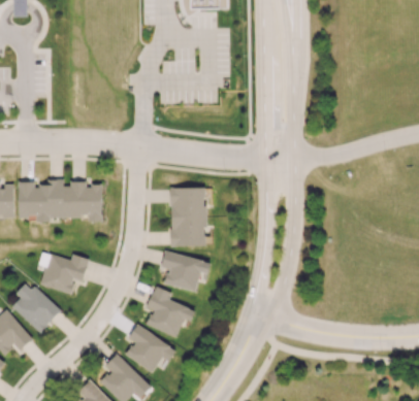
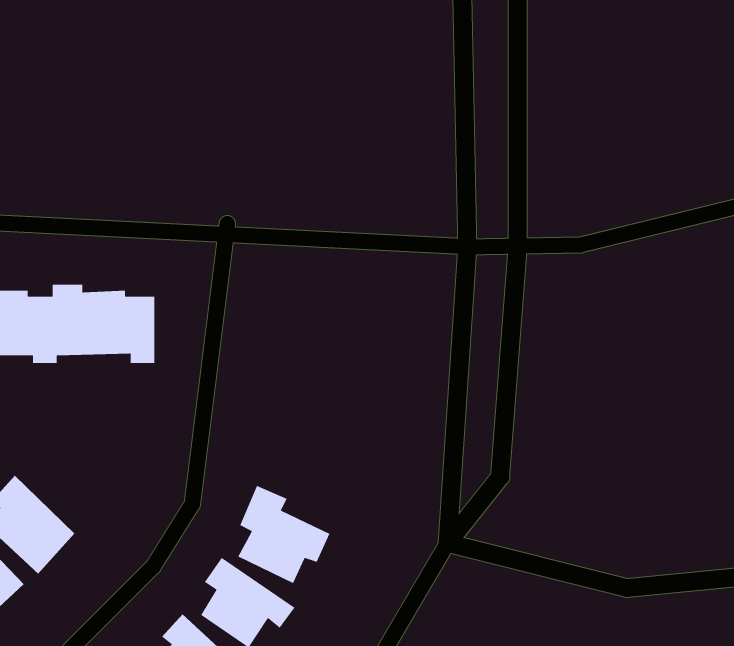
building: [170,188,206,246] -> none
building: [161,253,212,291] -> none
building: [41,254,89,294] -> none

